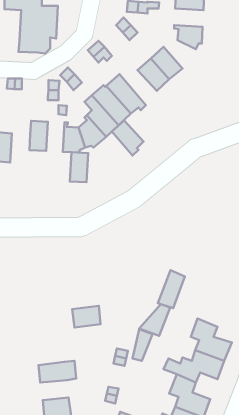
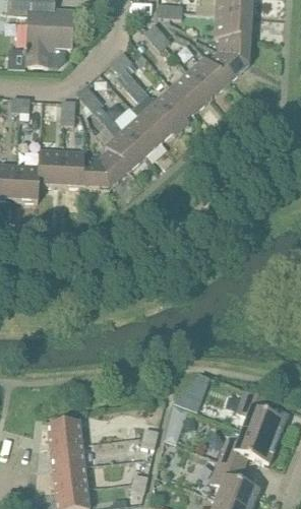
building: none -> [216,12,251,35]
building: none -> [202,51,242,85]
building: [112,121,143,156] -> [156,87,194,130]
building: none -> [15,165,40,201]
building: [70,152,88,182] -> [59,150,81,187]
building: [158,270,185,308] -> none
building: [72,306,100,328] -> [47,421,81,447]
building: none -> [52,465,86,490]

